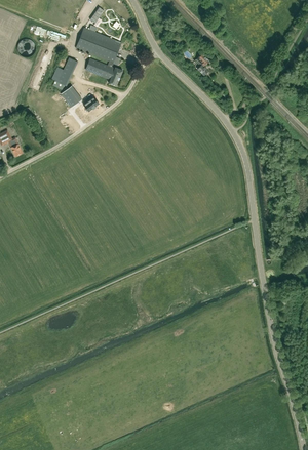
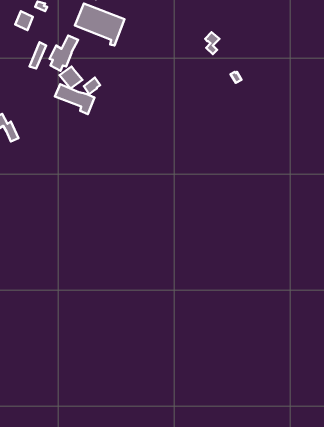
building: [85,58,122,86] -> [55,84,94,114]

